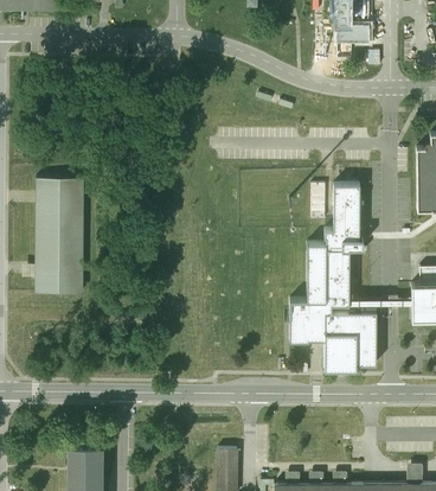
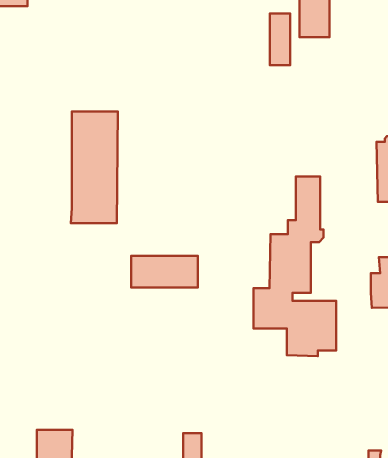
building: none -> [270,13,290,65]
building: [34,178,83,293] -> [71,111,118,223]
building: none -> [131,256,198,288]

